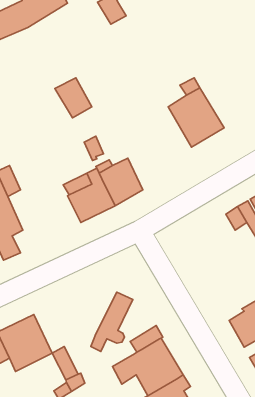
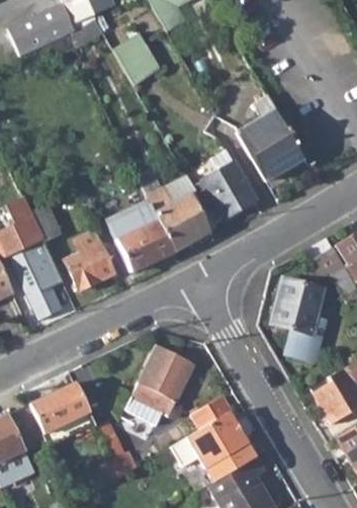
building: [55,78,92,118] -> [111,35,156,84]
building: none -> [192,148,254,223]
building: none -> [65,235,113,287]
building: none -> [271,278,328,363]
building: none -> [125,346,176,421]

